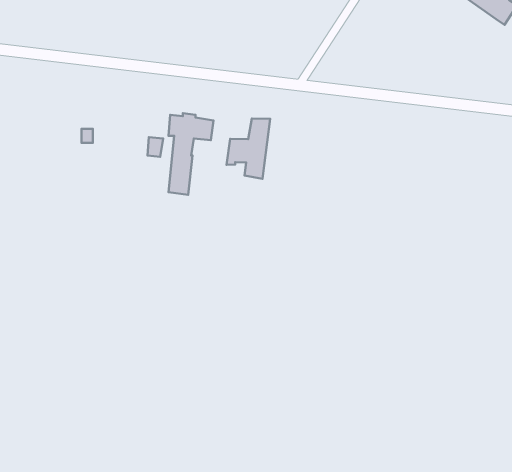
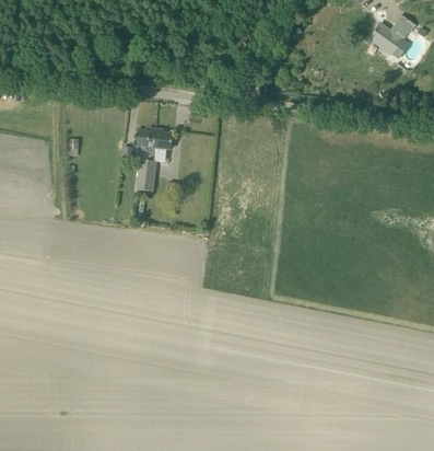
building: [226,118,270,179] -> none

